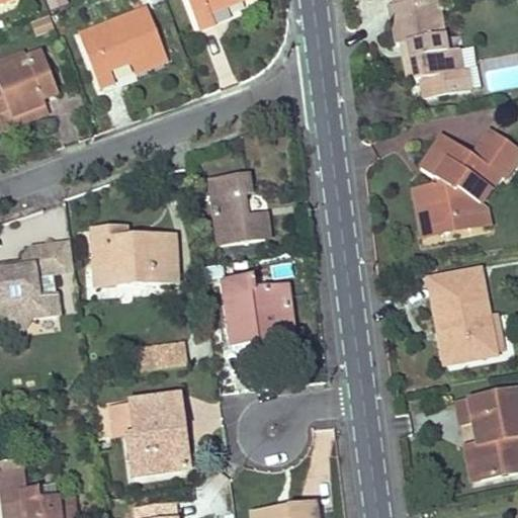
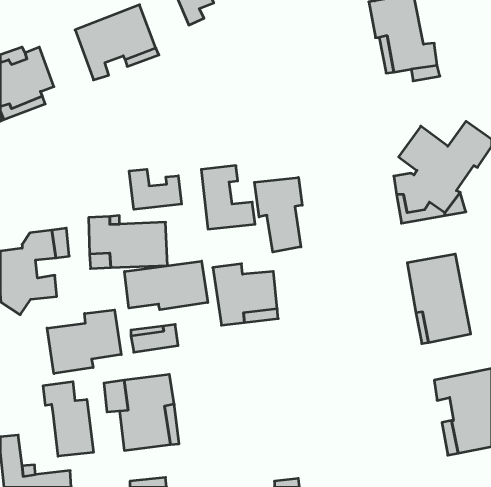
building: none -> [129,169,182,209]
building: none -> [254,177,302,252]
building: none -> [125,261,208,310]
building: none -> [47,310,121,374]
building: none -> [43,382,93,456]

